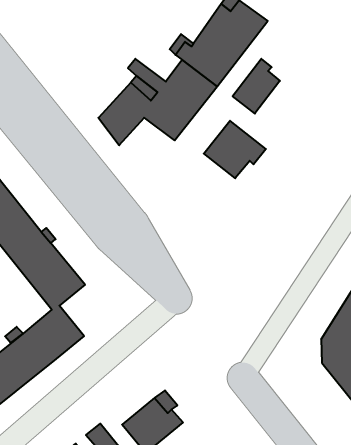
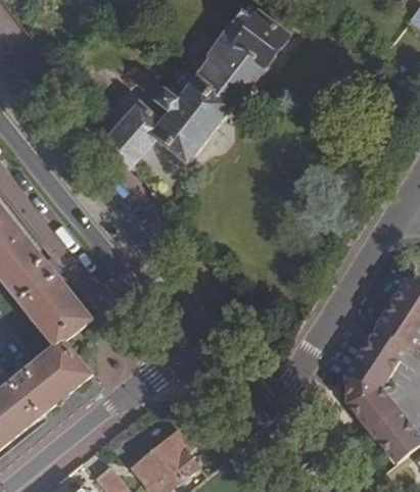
building: [233,59,280,114] -> none
building: [204,121,266,178] -> none

